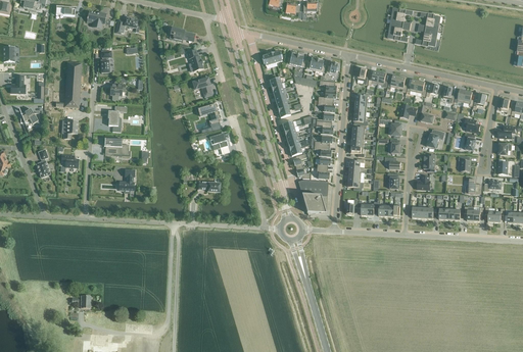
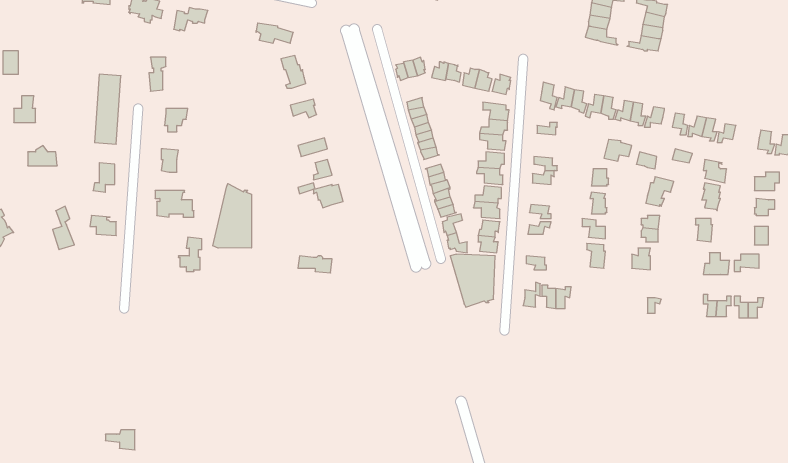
building: none -> [213,184,251,248]

